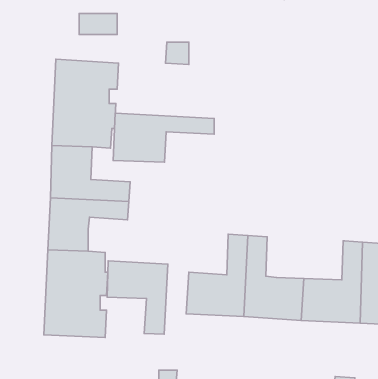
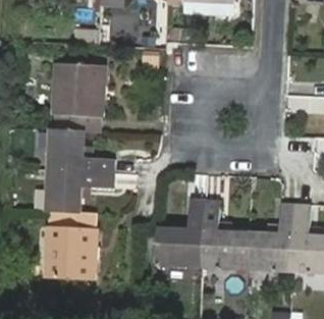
building: [113,113,214,162] -> none
building: [107,261,168,334] -> none

